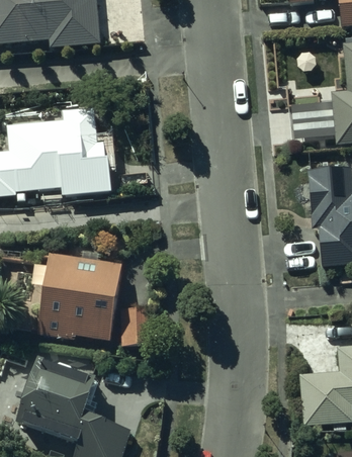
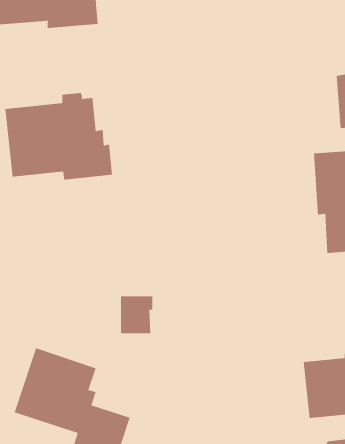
building: [37,254,121,339] -> none

